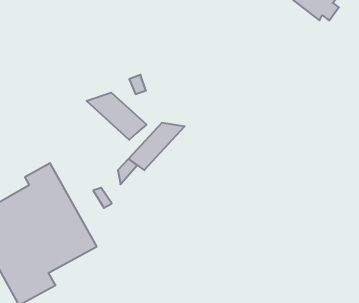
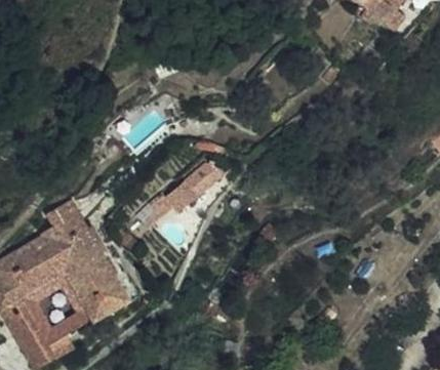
building: [87,93,146,140] -> none

